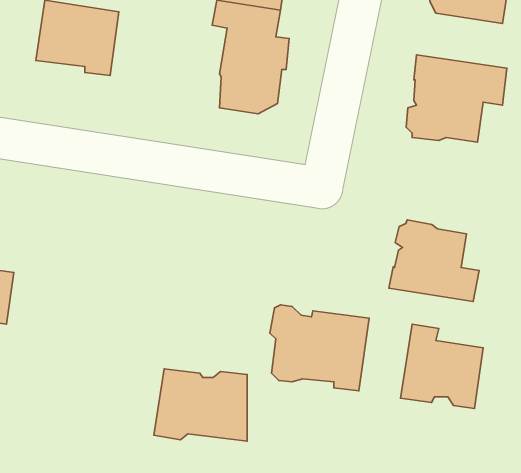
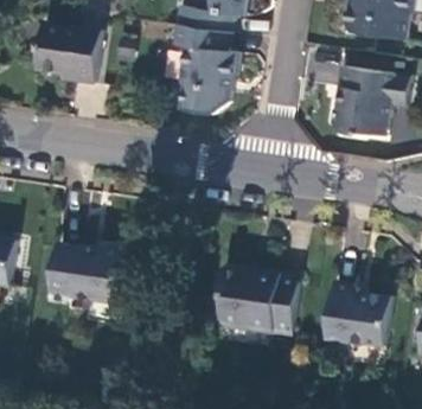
building: [389,220,479,302] -> none
building: [154,369,247,441] -> [50,244,124,302]

